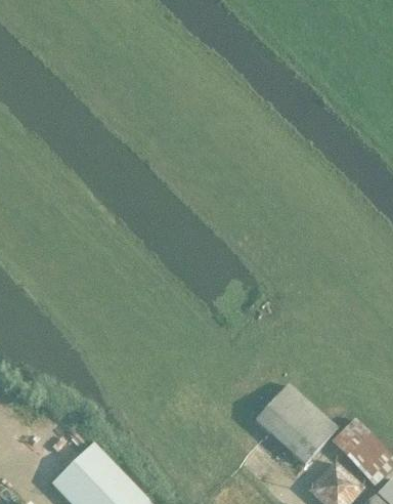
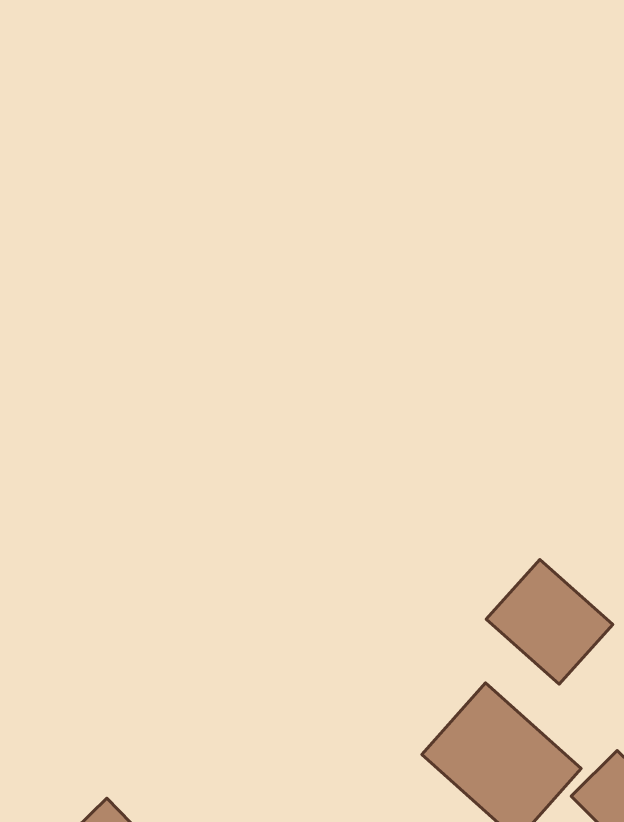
building: none -> [486,559,613,684]

